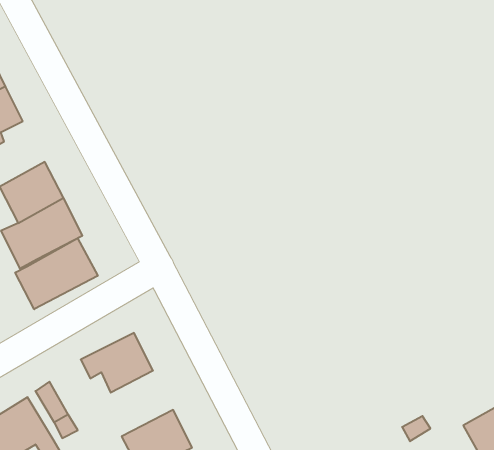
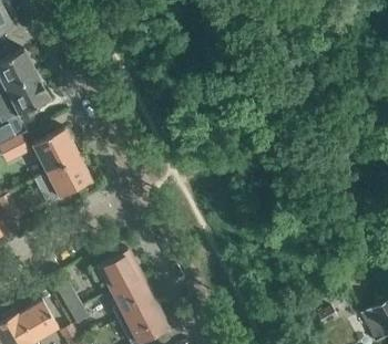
building: [15,238,98,309] -> none
building: none -> [111,275,155,322]

